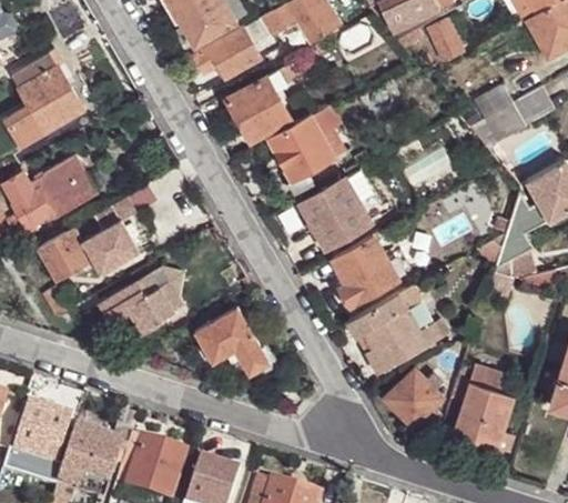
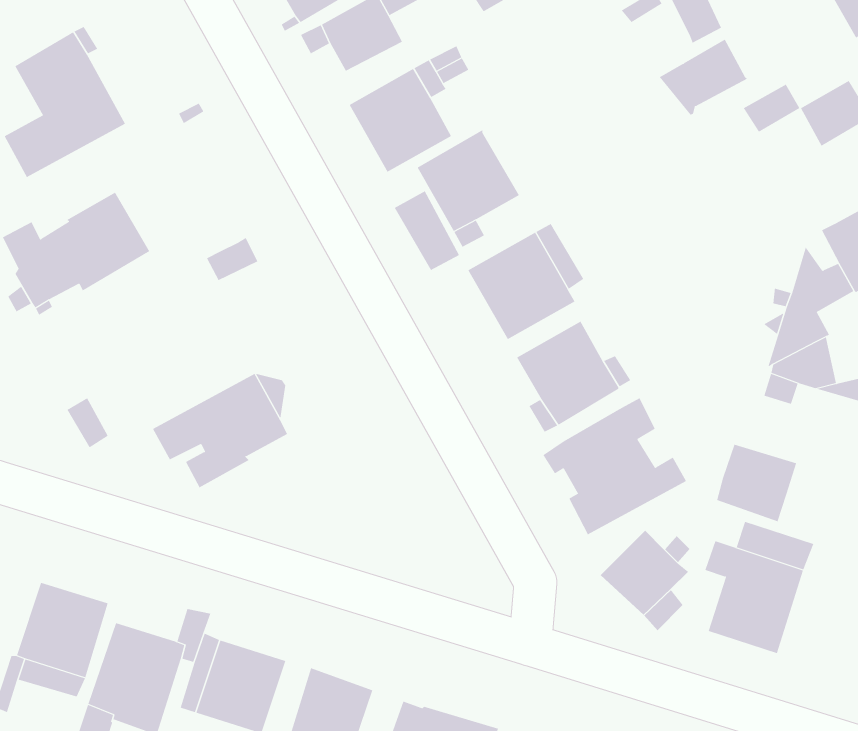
building: [469,101,526,150] -> [659,39,748,115]
building: [310,105,352,157] -> [394,191,460,271]
building: [36,200,138,282] -> none
building: [191,305,267,373] -> none
building: none -> [717,444,797,522]

